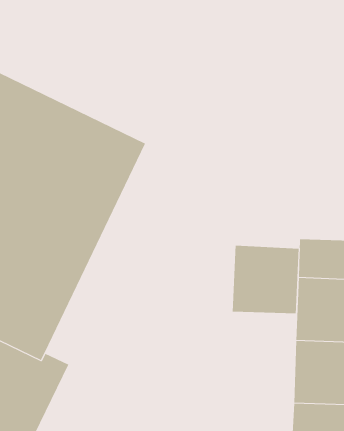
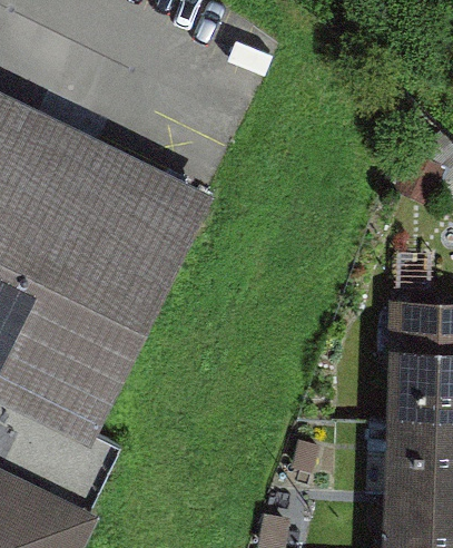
building: [232,245,299,314] -> none

